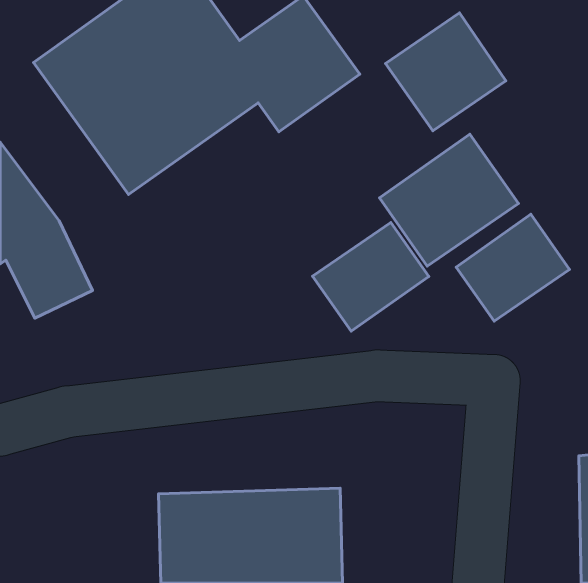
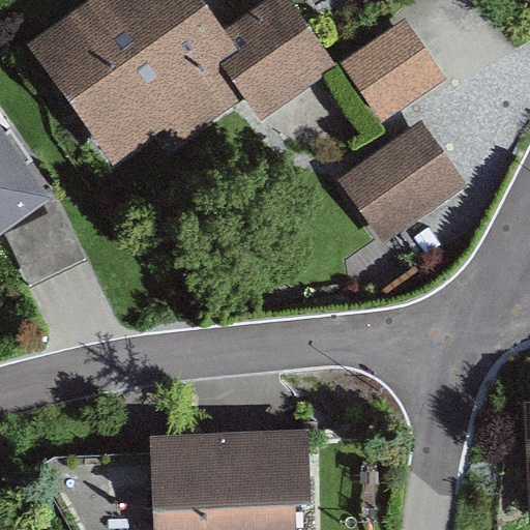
building: [456,214,569,321] -> none
building: [313,222,429,331] -> none

